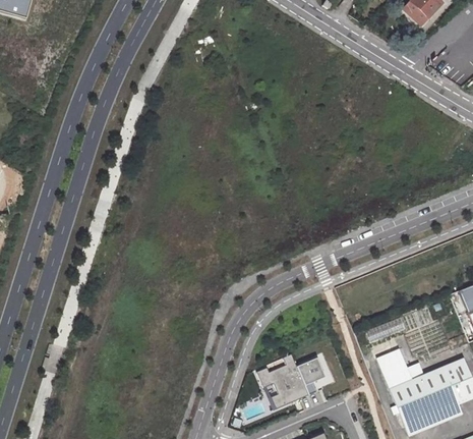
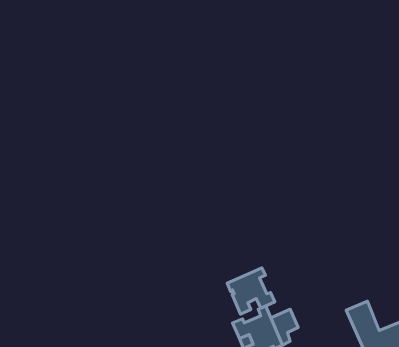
building: none -> [227,268,275,314]

